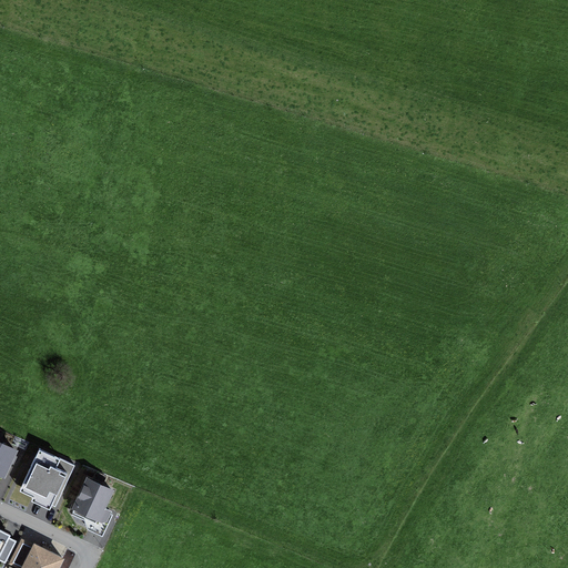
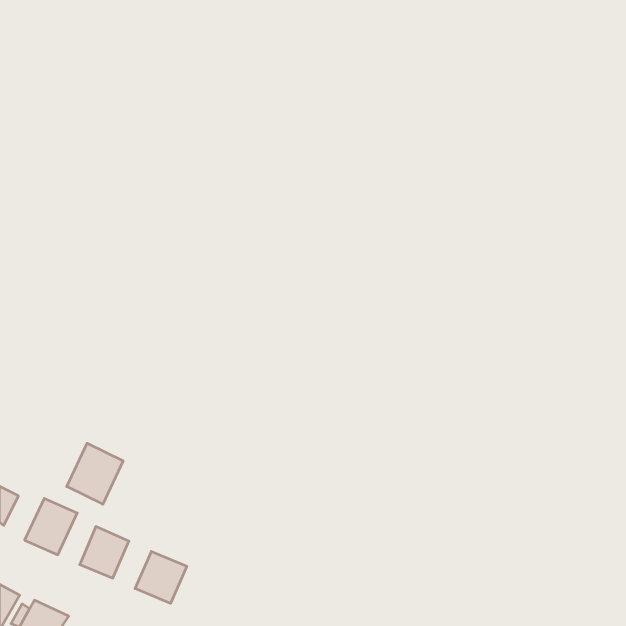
building: none -> [67,443,123,504]
building: none -> [135,551,187,603]

